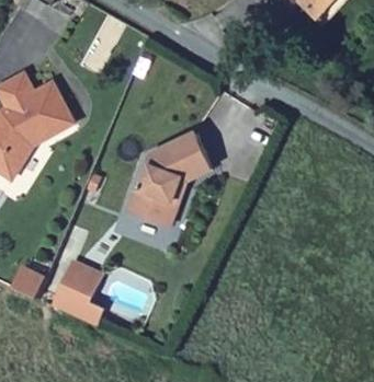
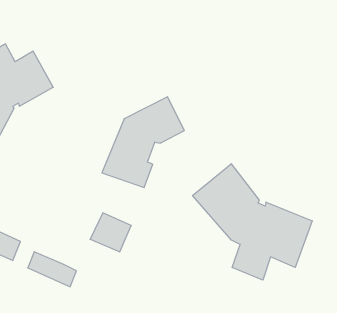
building: none -> [193,164,312,280]
building: [57,263,100,303] -> [90,213,131,252]

